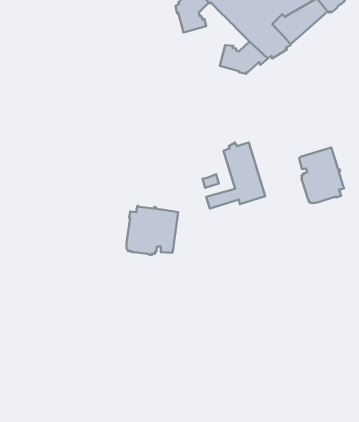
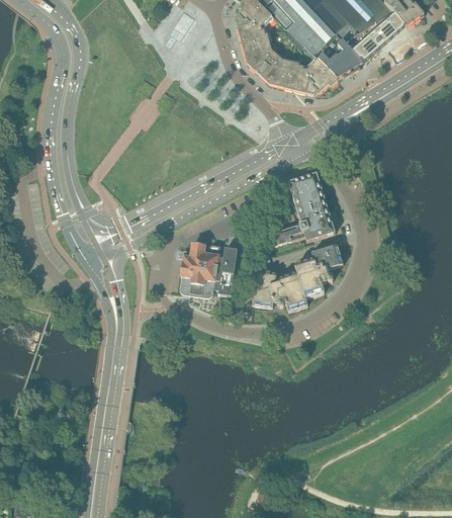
building: none -> [243,40,289,85]
building: [299,148,344,203] -> none
building: none -> [252,243,342,310]

